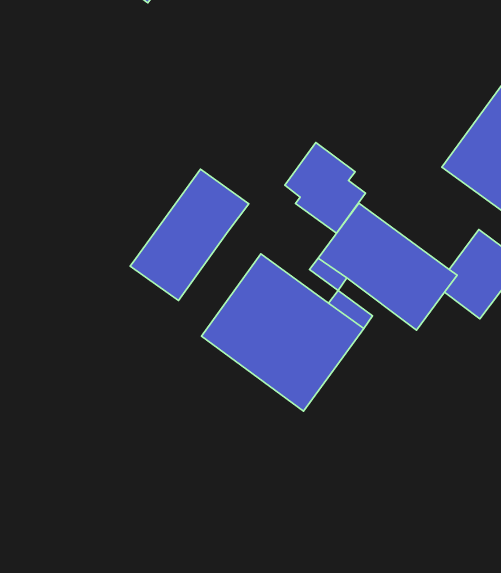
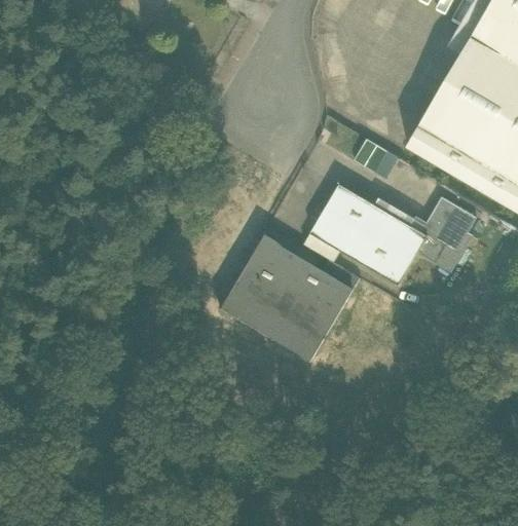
building: [285,143,366,233] -> none
building: [130,169,249,301] -> none

